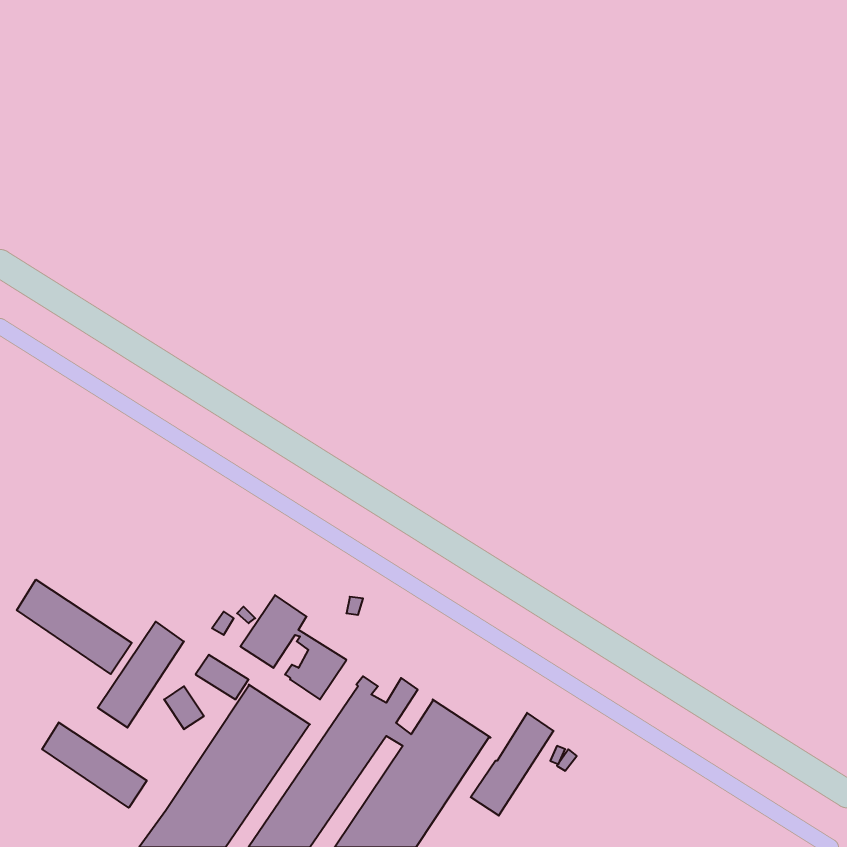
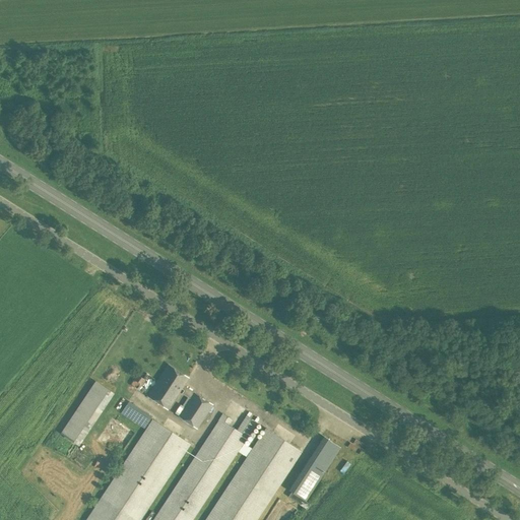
building: [17,580,132,674] -> none
building: [42,722,147,808] -> none

